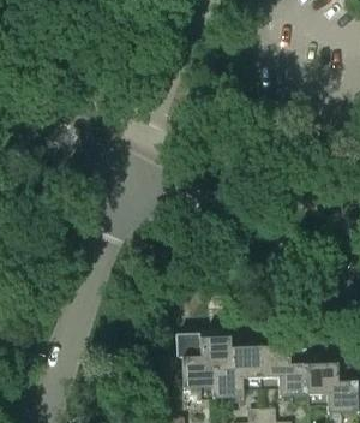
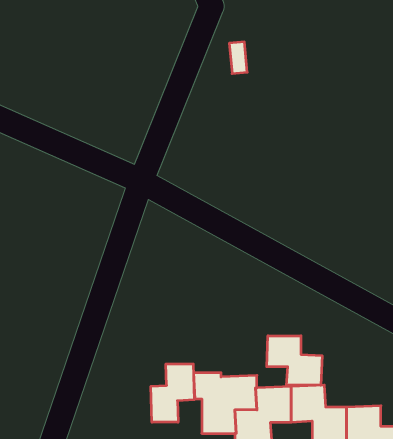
building: none -> [267,336,322,385]
building: none -> [151,364,194,422]

